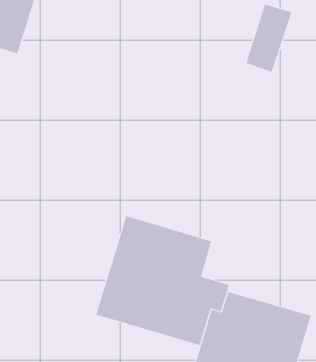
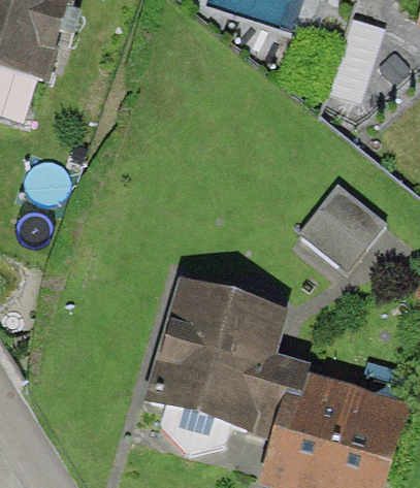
building: none -> [301,183,386,267]

